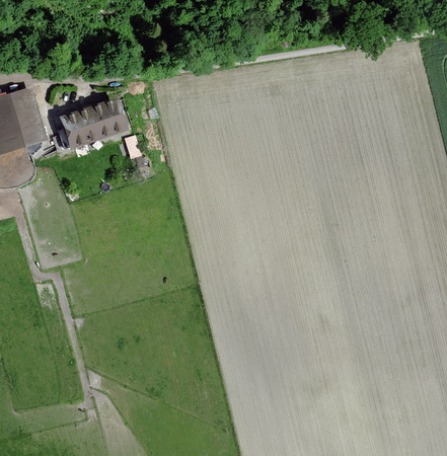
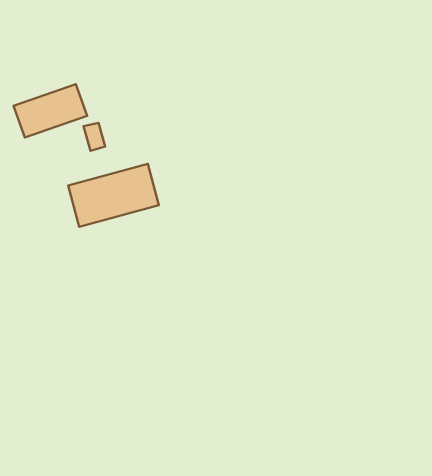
building: none -> [68,164,159,227]

